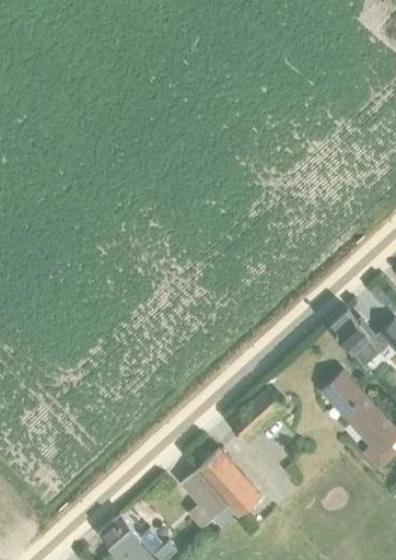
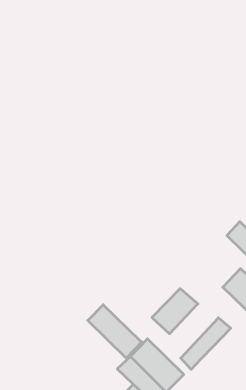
building: none -> [88,305,142,358]
building: none -> [181,318,231,369]

